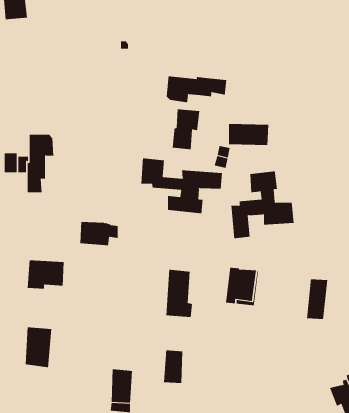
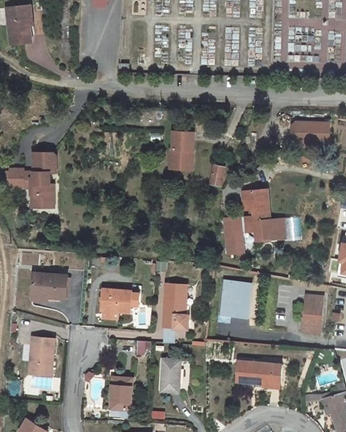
building: [166,75,227,103] -> none
building: [228,123,269,145] -> [291,119,330,140]
building: [141,157,222,214] -> none
building: [80,222,118,246] -> [101,290,138,313]
building: none -> [237,362,281,388]

